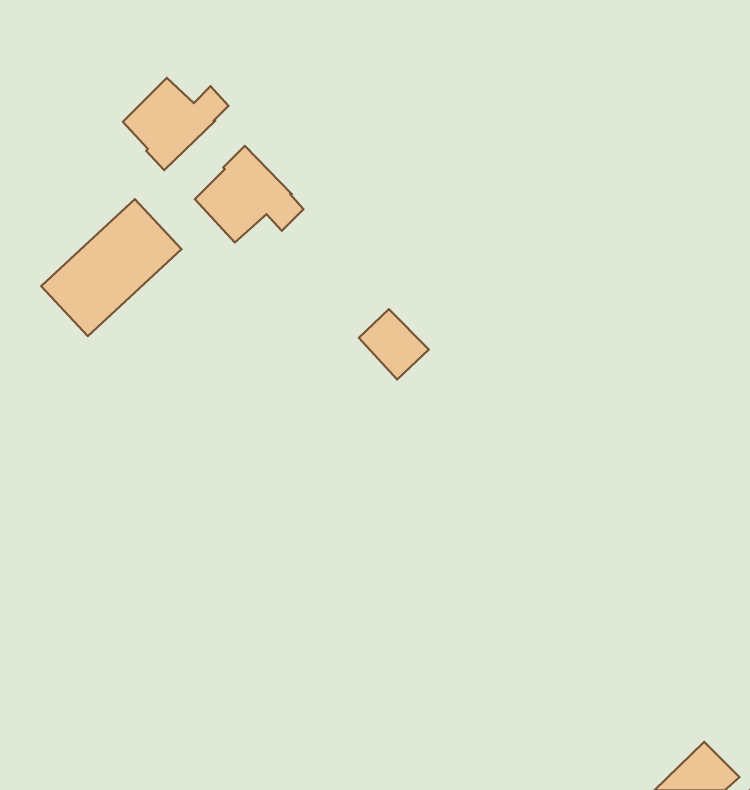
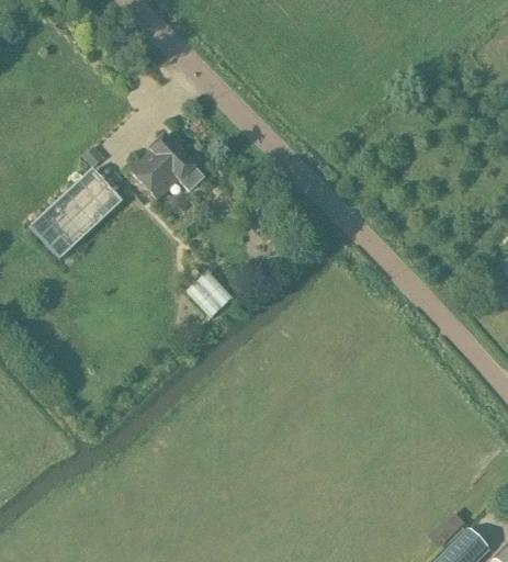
building: [123,78,228,170] -> none
building: [359,309,429,379] -> [185,270,232,316]

